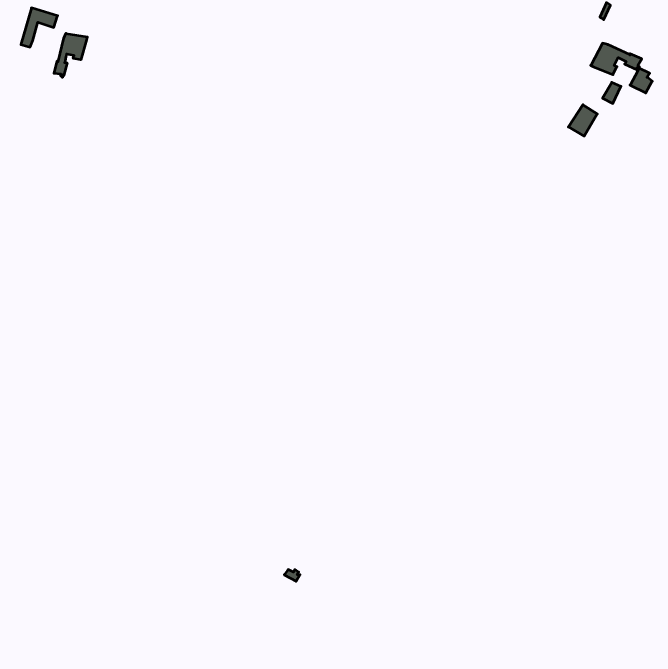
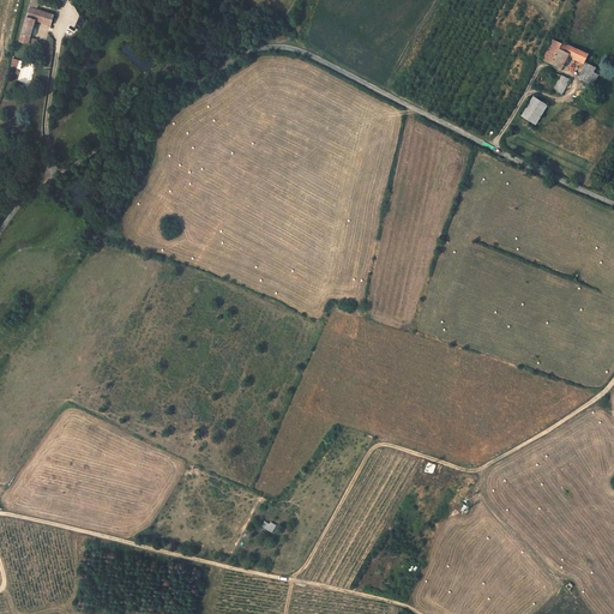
building: [54,33,87,77] -> none

